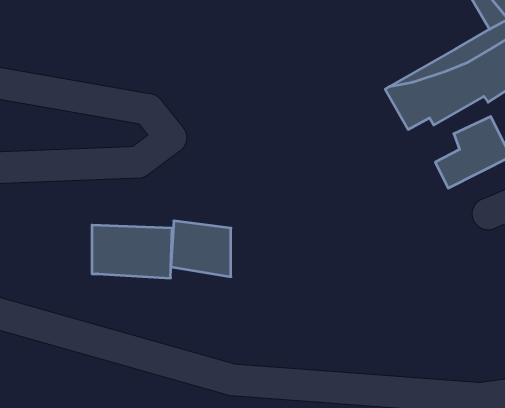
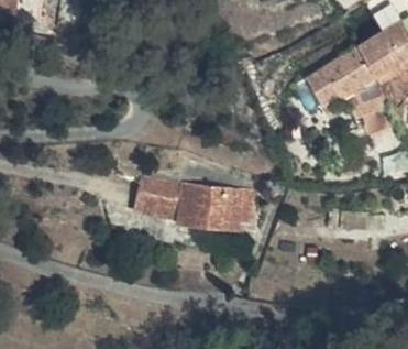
building: [92,225,172,278] -> [183,184,244,225]

